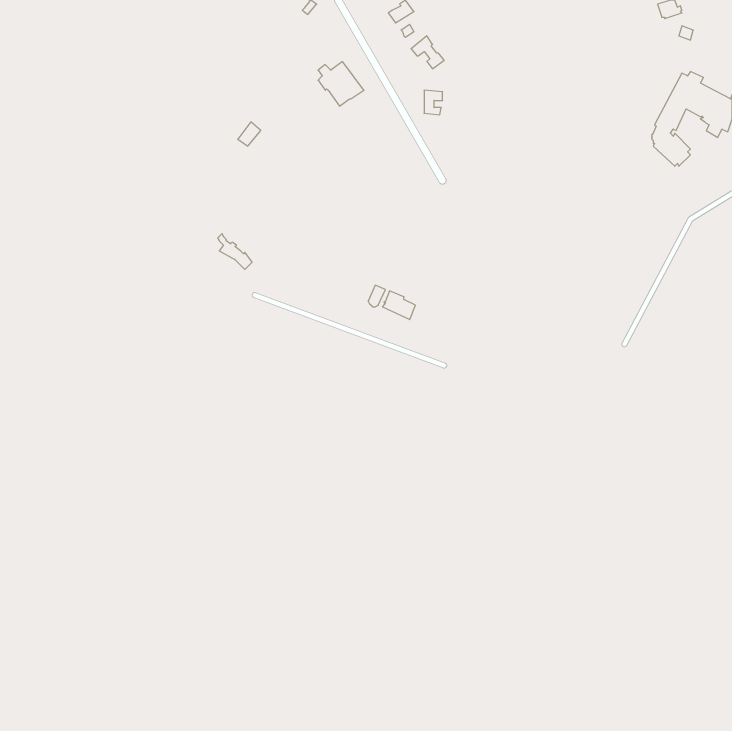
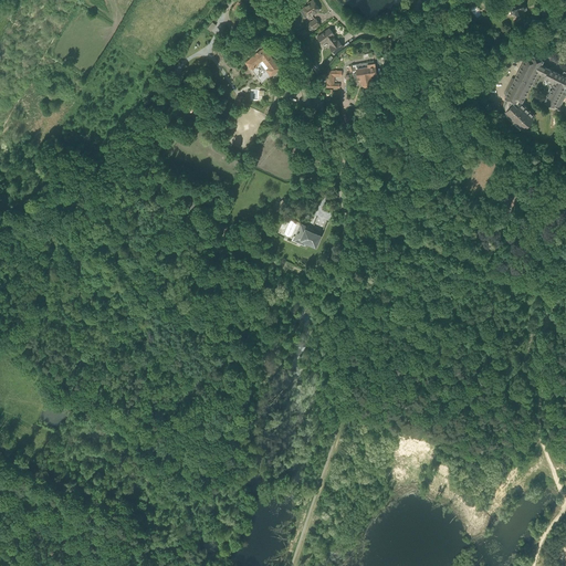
building: none -> [349,63,377,88]

